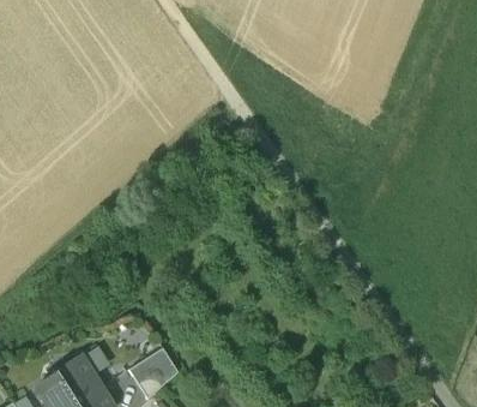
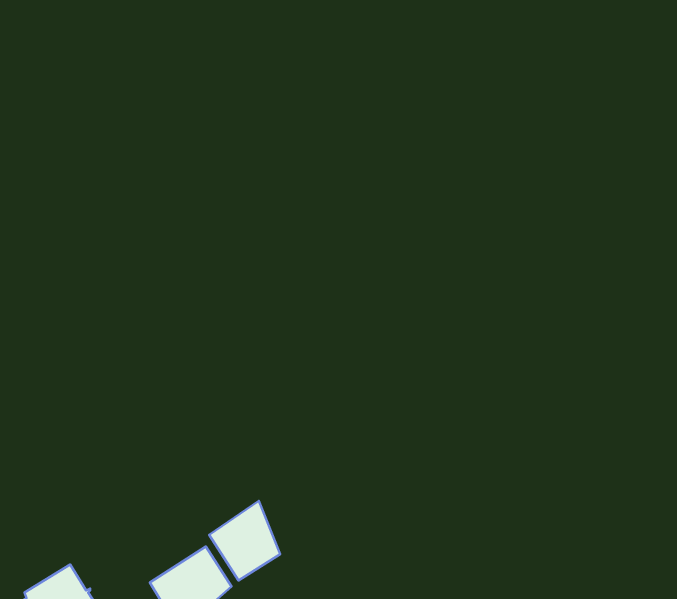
building: none -> [209,501,280,581]

